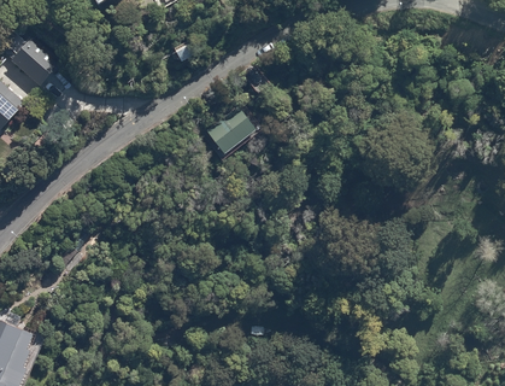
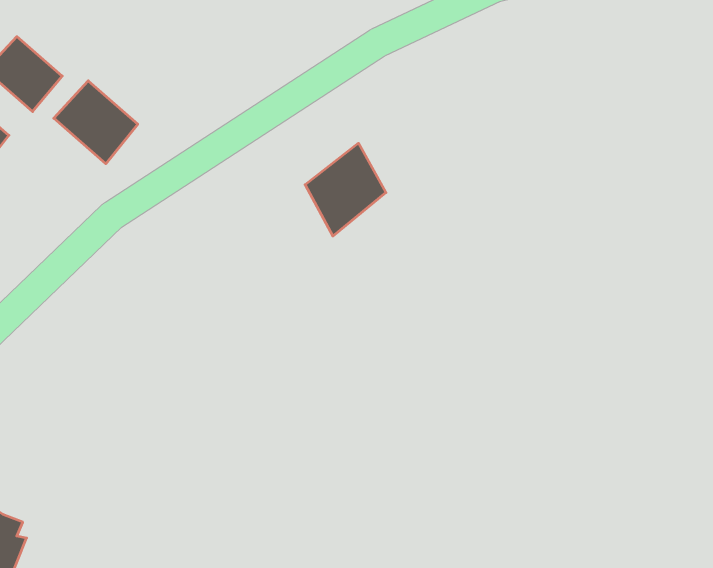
building: none -> [54,81,138,164]

